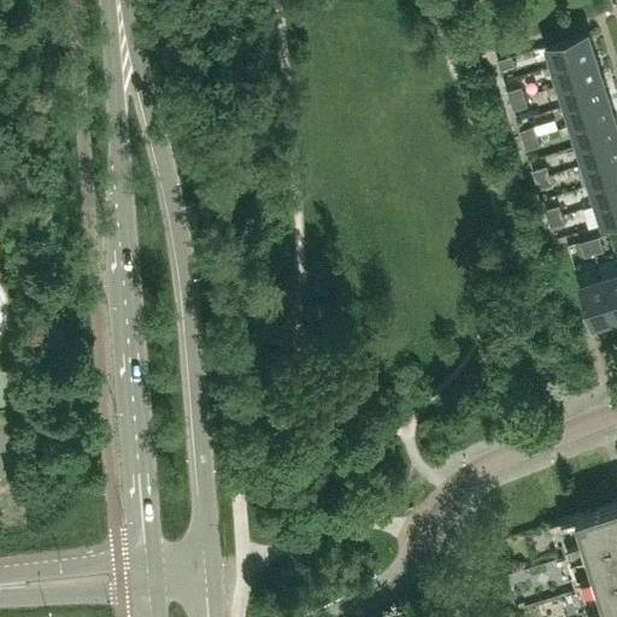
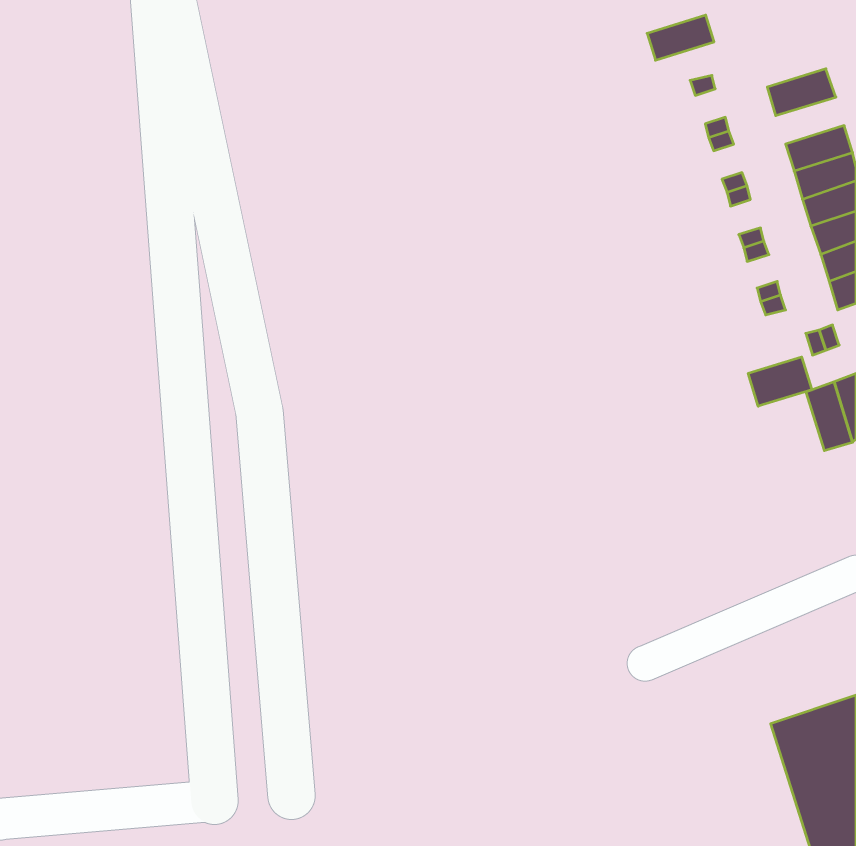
building: [546,37,594,70] -> [647,15,714,60]
building: [558,77,607,110] -> none
building: none -> [748,357,812,406]

